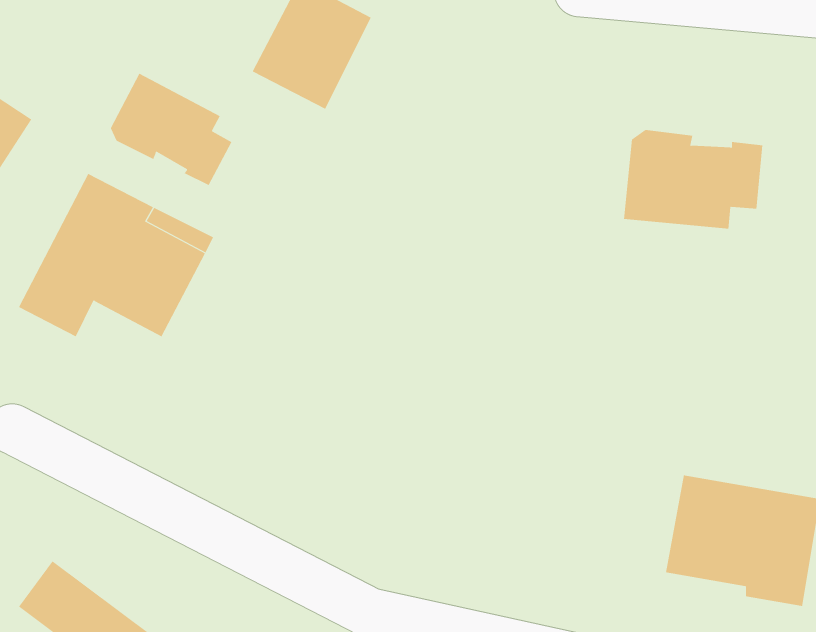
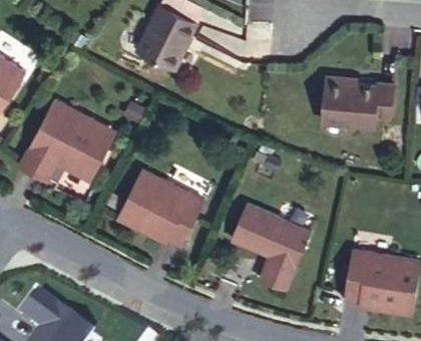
building: [110,73,232,186] -> none
building: none -> [117,167,204,245]
building: none -> [232,203,313,290]

